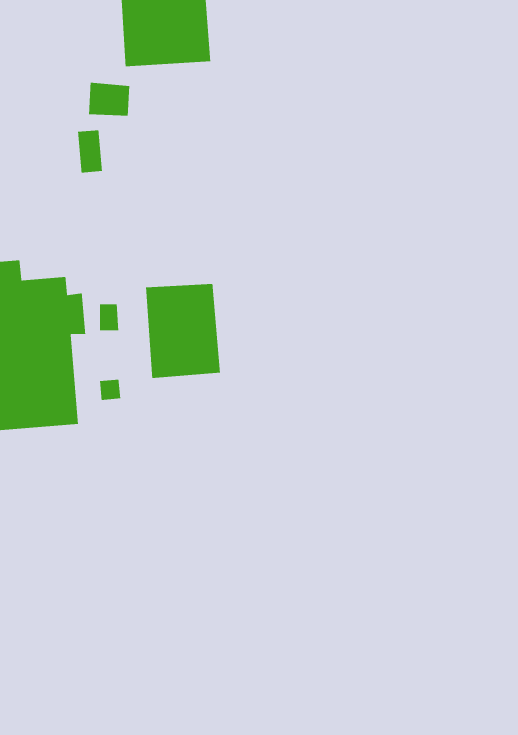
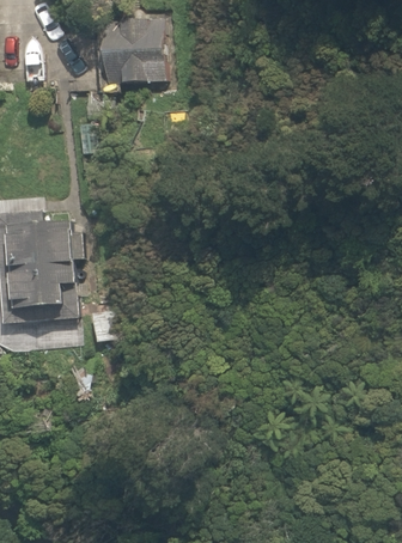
building: [145,283,221,379] -> none

